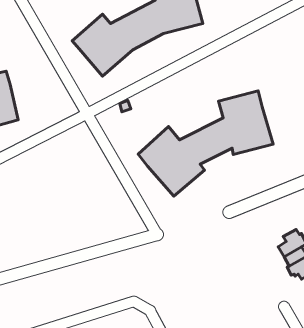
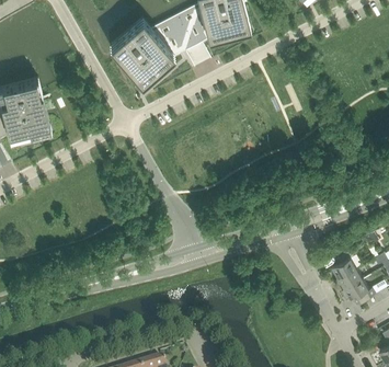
building: [138,91,273,196] -> none

